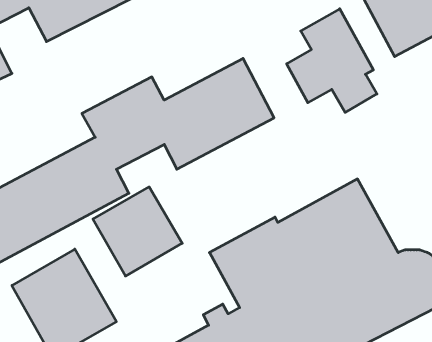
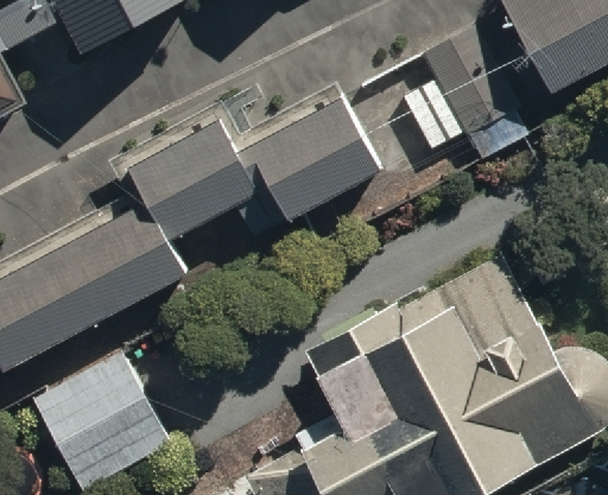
building: [93,187,182,276] -> none

